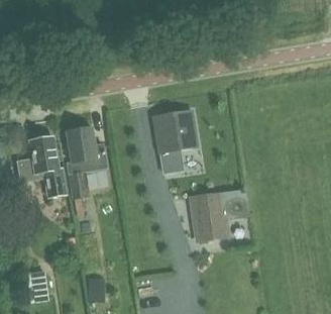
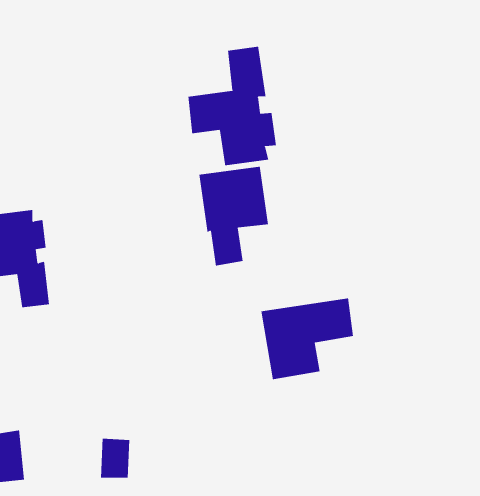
building: none -> [188,46,277,166]
building: [65,126,106,198] -> none

